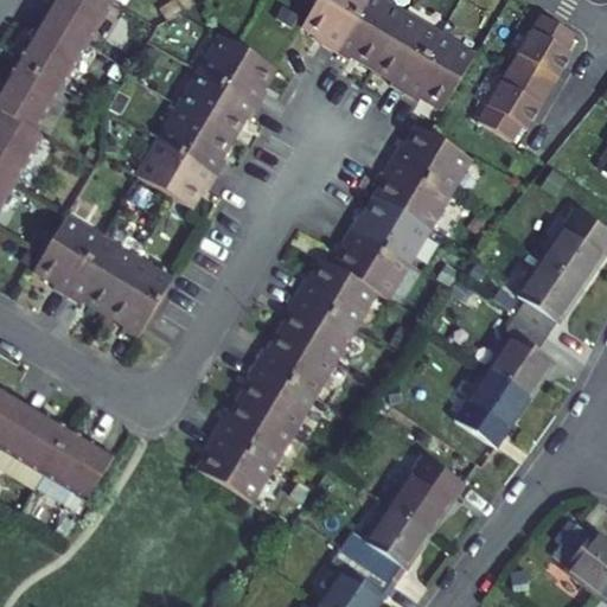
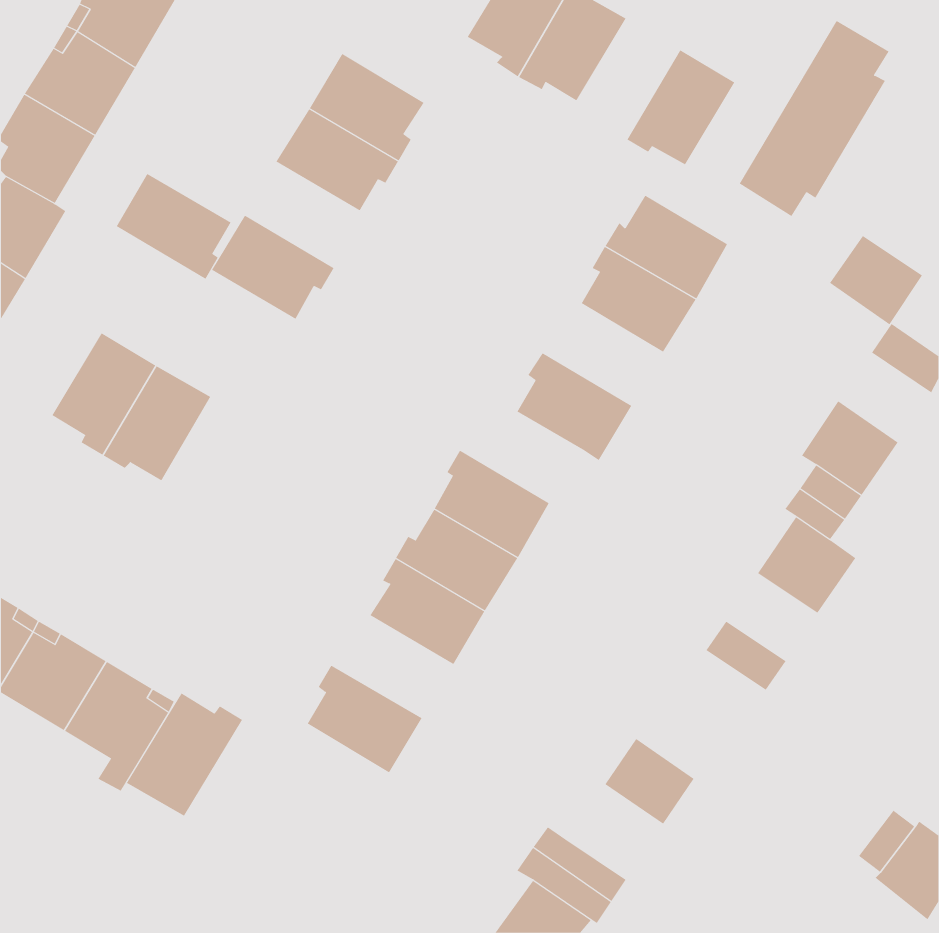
building: [372,12,439,90] -> none
building: [158,104,232,173] -> [116,173,231,280]
building: [350,196,428,262] -> none
building: [541,228,601,286] -> [829,235,923,325]
building: [104,256,172,336] -> none
building: [296,258,376,325] -> none
building: [468,370,528,427] -> none
building: [213,397,293,464] -> none
building: none -> [126,693,243,817]
building: [410,455,462,503] -> none
building: [365,506,428,568] -> none

